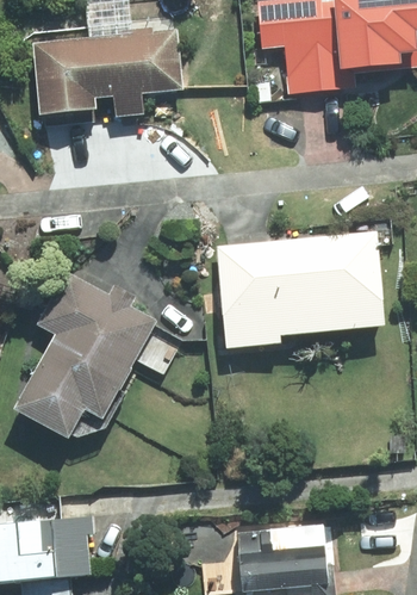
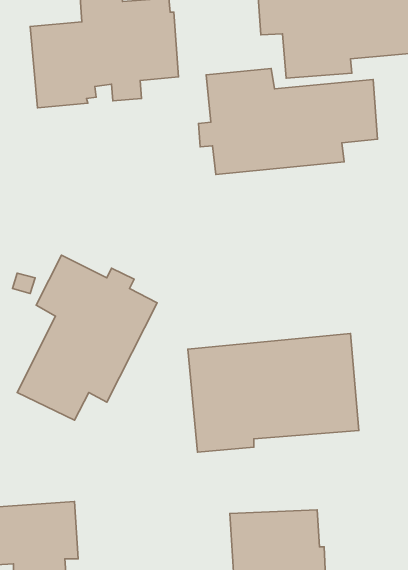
building: none -> [198,69,378,175]
building: [218,230,388,348] -> [188,334,359,452]

